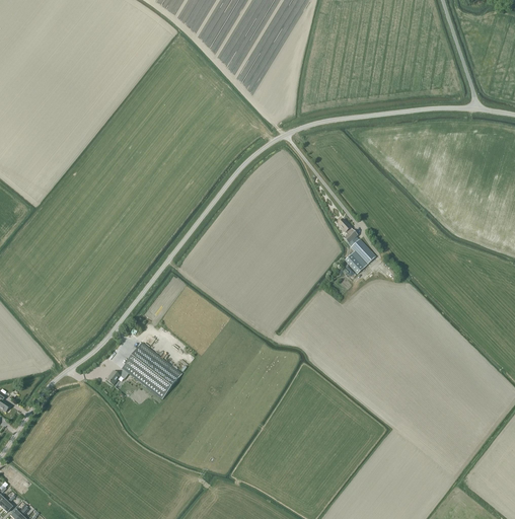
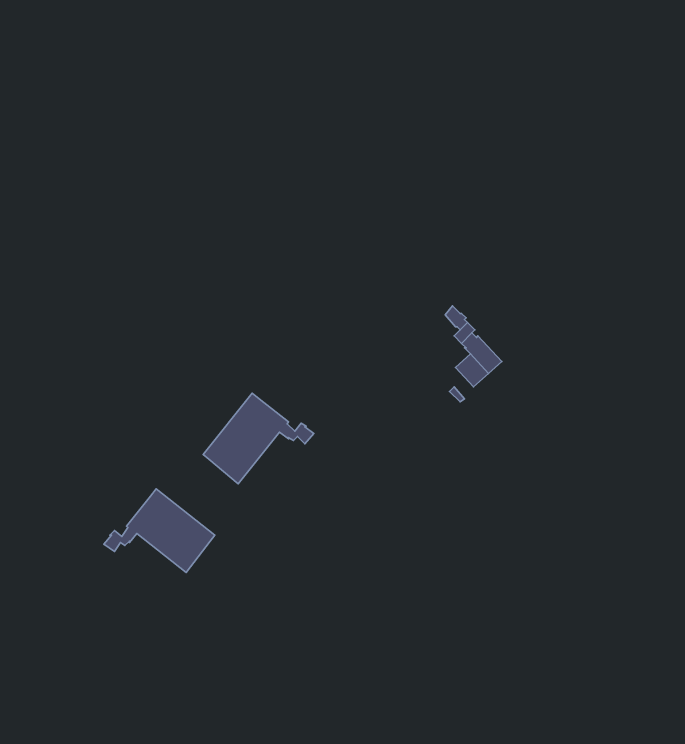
building: none -> [203,393,314,484]

